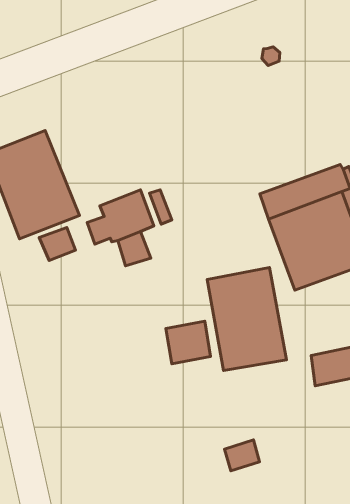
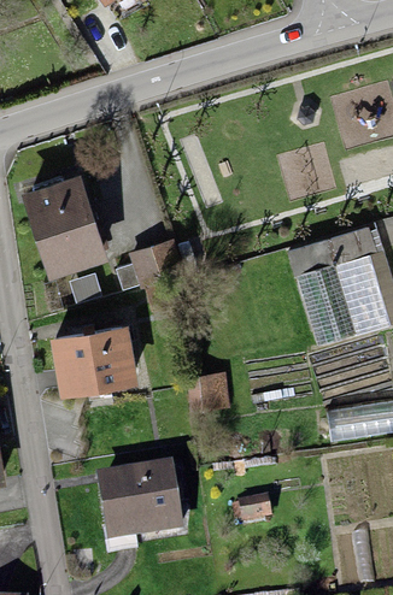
building: [207,267,287,370] -> none
building: none -> [48,326,139,400]
building: none -> [95,456,182,538]

